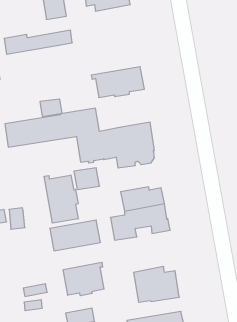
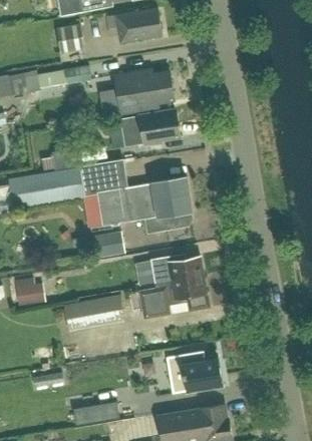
building: none -> [113,68,173,114]
building: [44,175,78,223] -> none
building: [63,262,104,296] -> none

